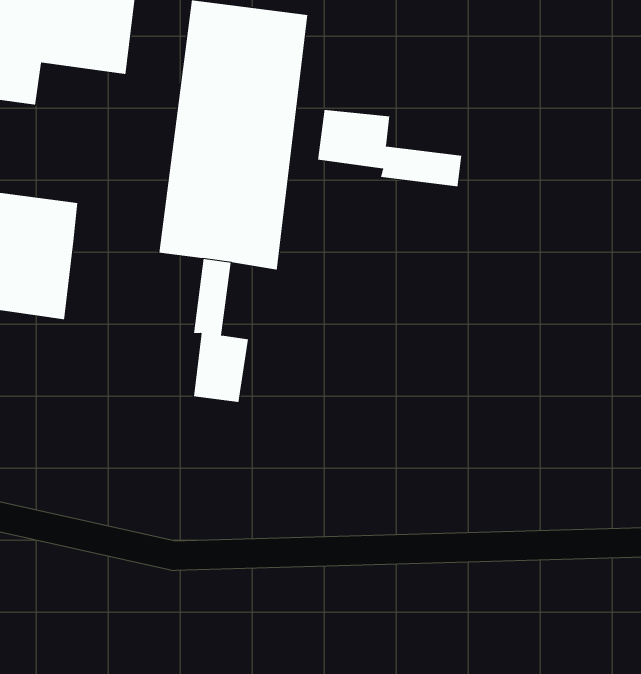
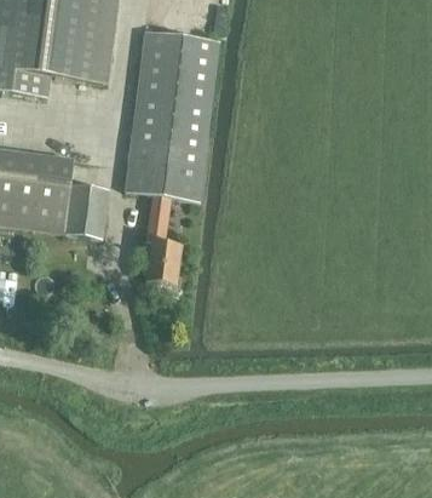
building: [317,109,462,187] -> none
building: none -> [67,183,109,237]

